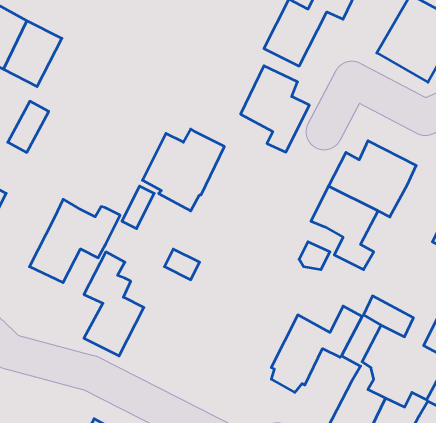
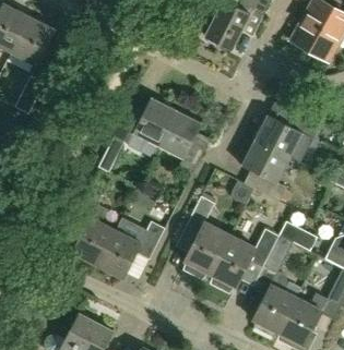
building: [241,66,309,152] -> [158,110,210,174]
building: [29,199,120,283] -> [97,216,165,278]
building: none -> [185,196,230,279]

